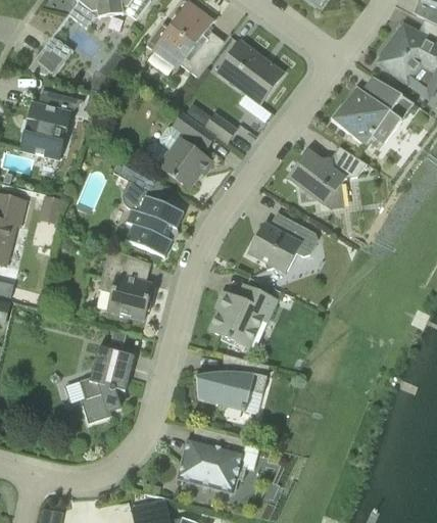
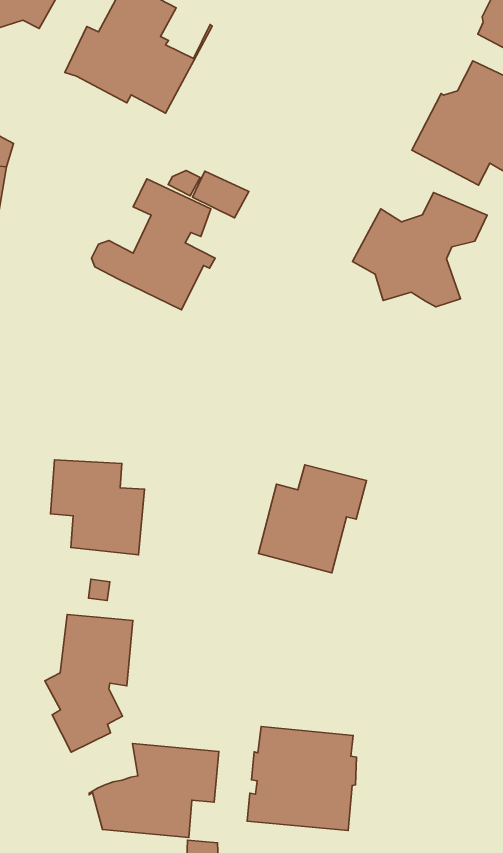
building: [216,40,284,104] -> none
building: [117,163,184,256] -> none
building: [250,212,318,273] -> none
building: [194,353,270,411] -> [89,743,219,838]

